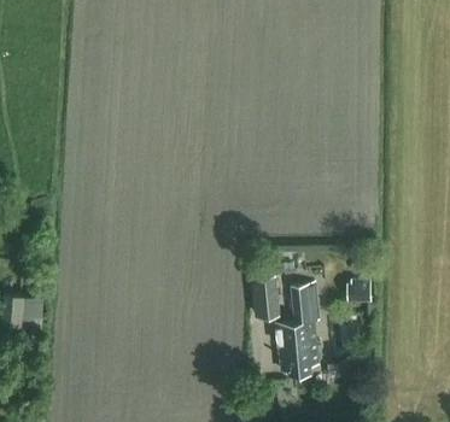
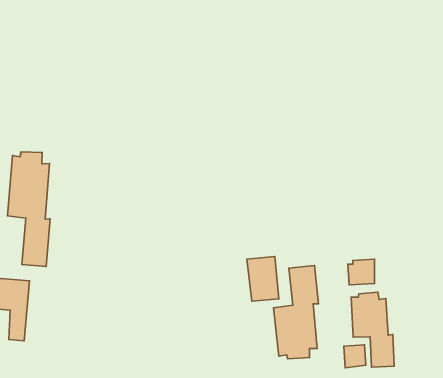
building: none -> [7,152,50,266]
building: none -> [351,292,394,367]

